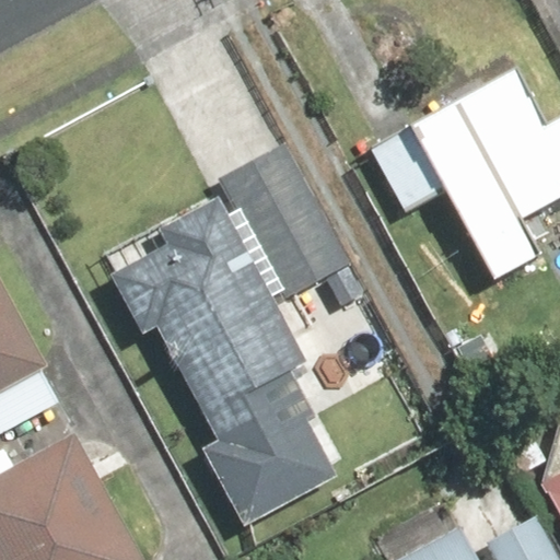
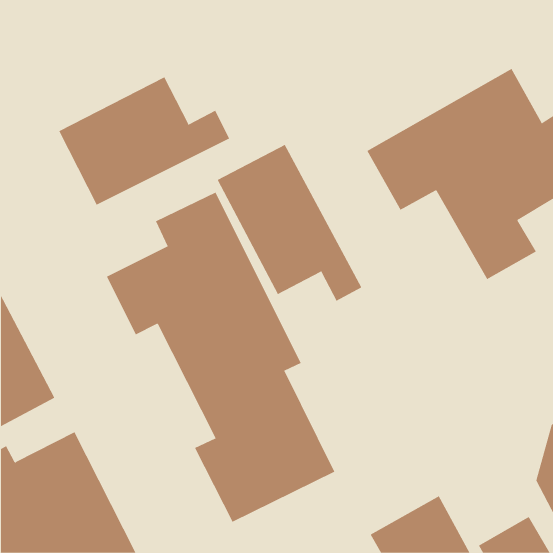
building: none -> [58,76,230,205]

